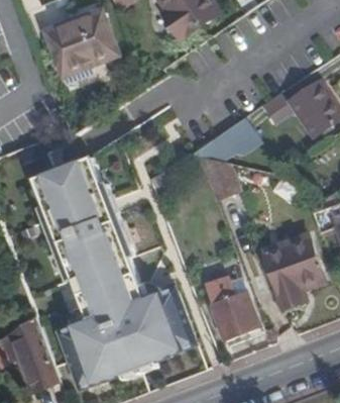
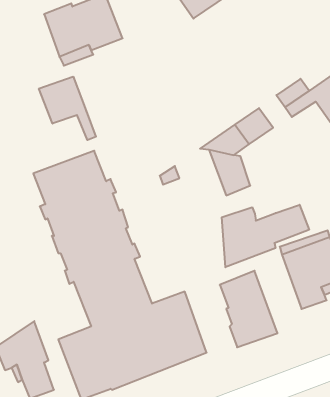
building: none -> [39,77,96,140]
building: none -> [222,205,309,267]

